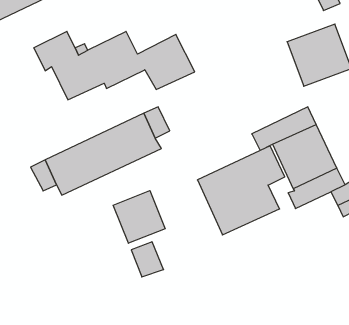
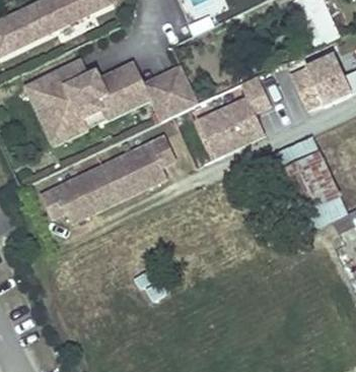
building: none -> [23,77,112,145]
building: [197,146,285,235] -> [186,75,271,163]
building: [113,191,165,243] -> none

